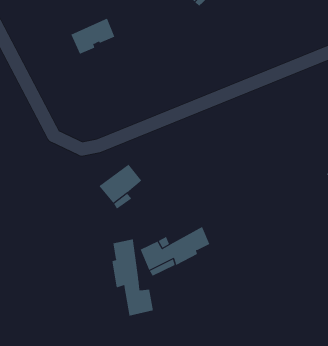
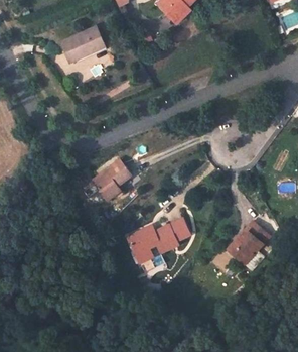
building: none -> [222,225,266,267]
building: [112,239,153,316] -> none

